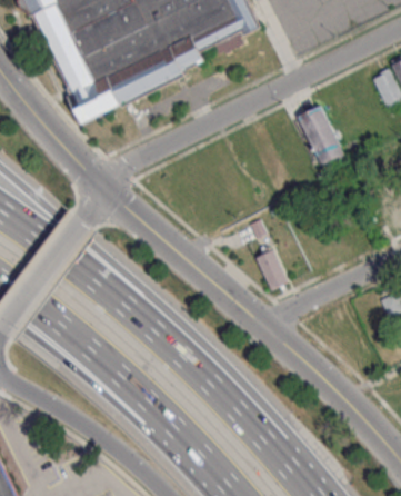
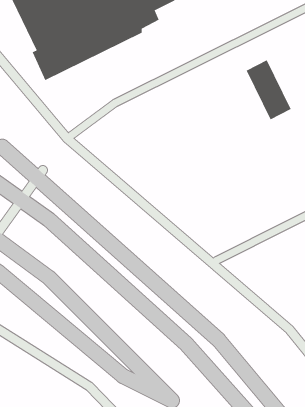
building: [258,247,291,288] -> none

